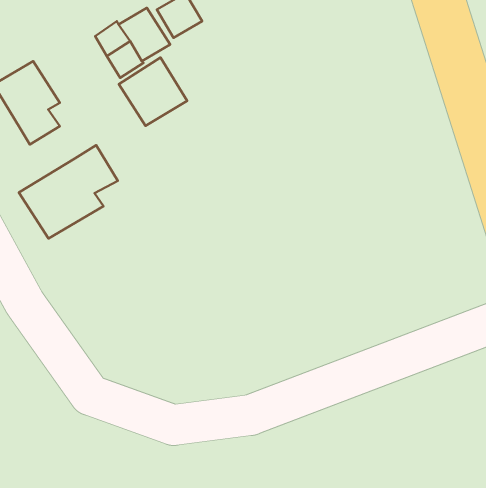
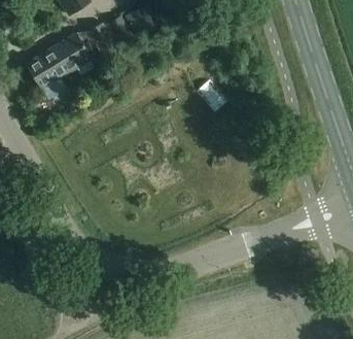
building: [119,57,187,126] -> [49,33,92,75]
building: [19,145,118,238] -> none

